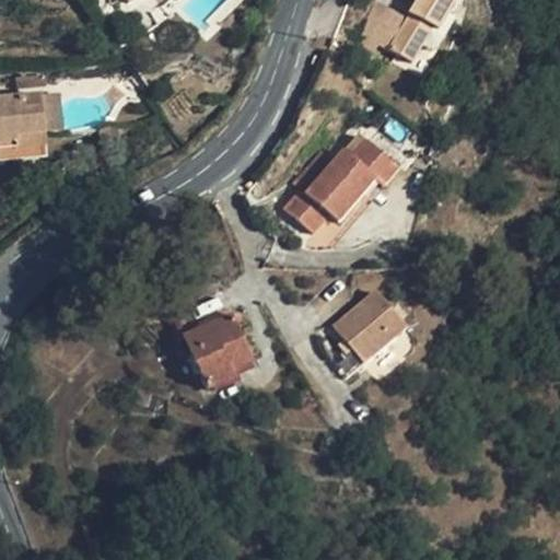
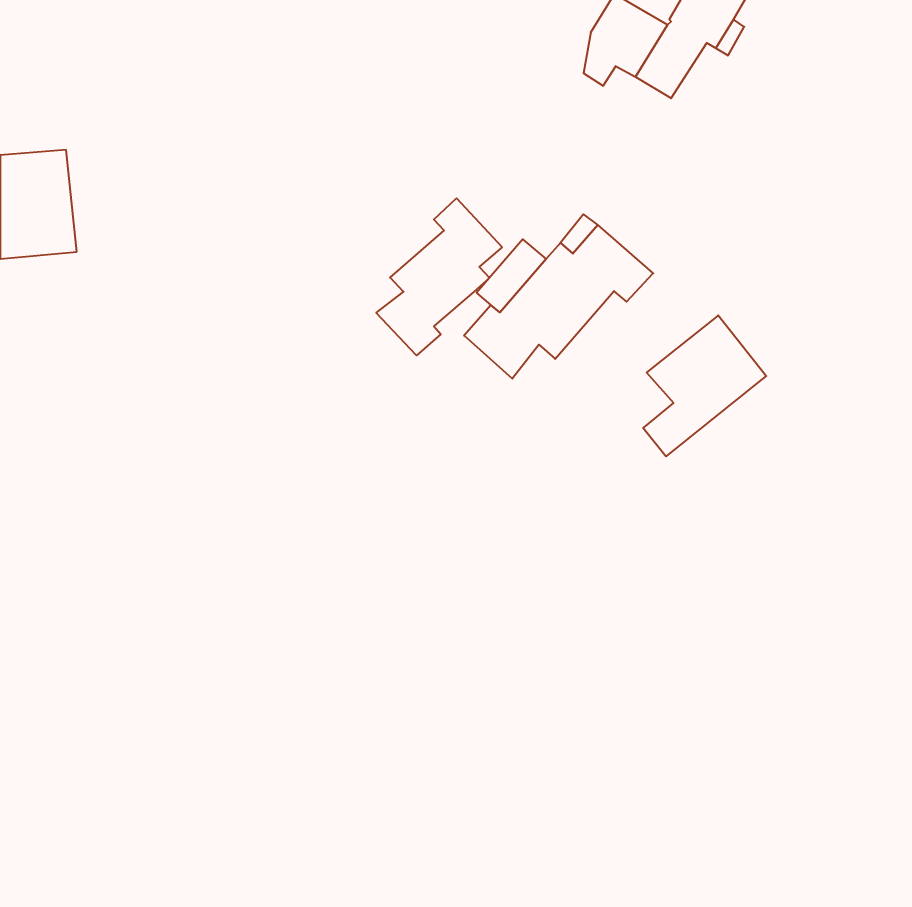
building: none -> [376,198,502,355]
building: [331,291,407,377] -> [643,315,766,456]
building: [184,313,252,387] -> none

